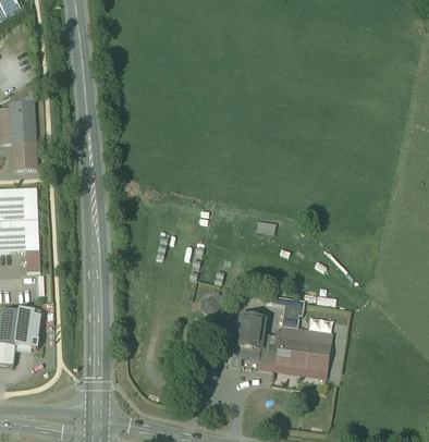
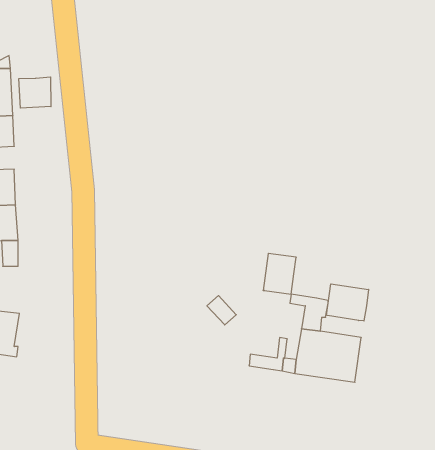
building: none -> [19,77,51,108]
building: none -> [326,284,369,321]
building: [236,315,265,349] -> [263,253,296,294]

